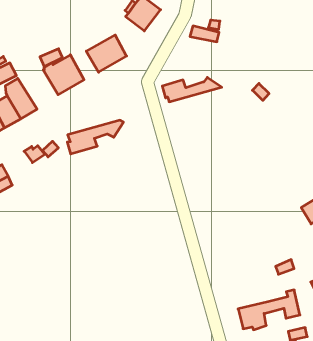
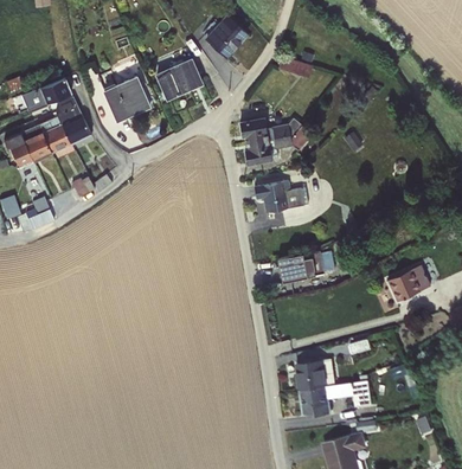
building: [67,120,123,154] -> [243,131,310,165]
building: none -> [252,181,307,212]
building: none -> [277,251,333,282]
building: none -> [296,360,335,391]

